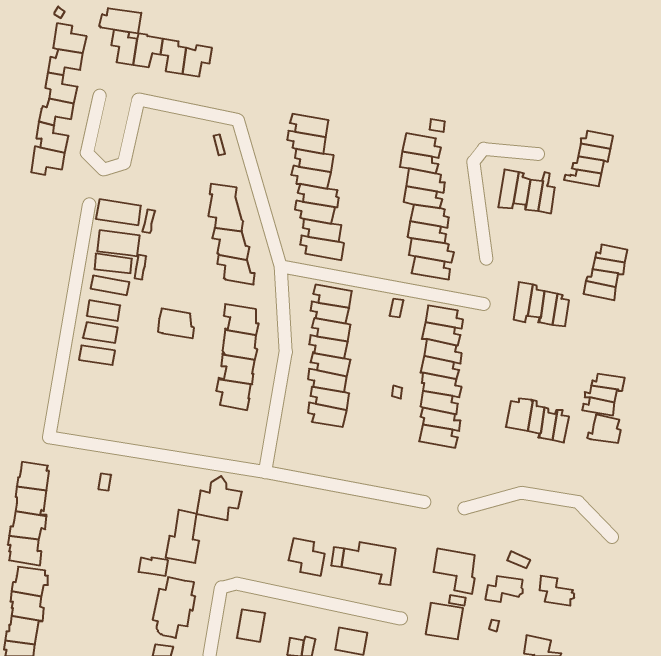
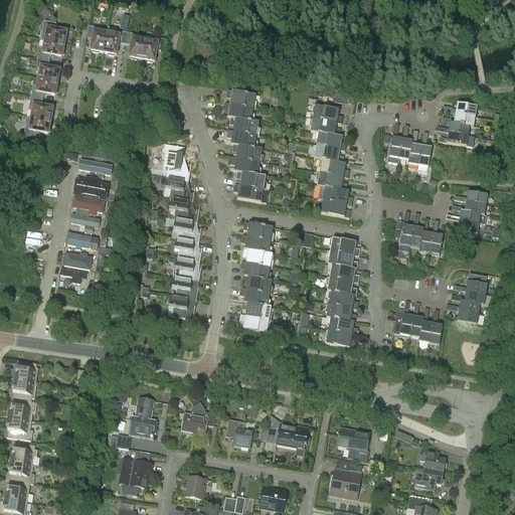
building: [99,8,141,34] -> none
building: [158,308,194,338] -> [172,217,200,240]
building: [587,414,621,443] -> [462,272,488,294]
building: [197,476,242,520] -> [181,400,216,435]
building: [485,576,523,602] -> [414,468,444,488]

